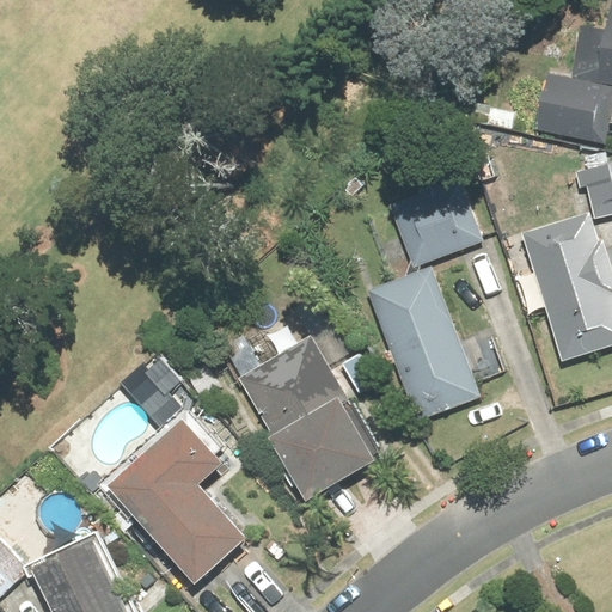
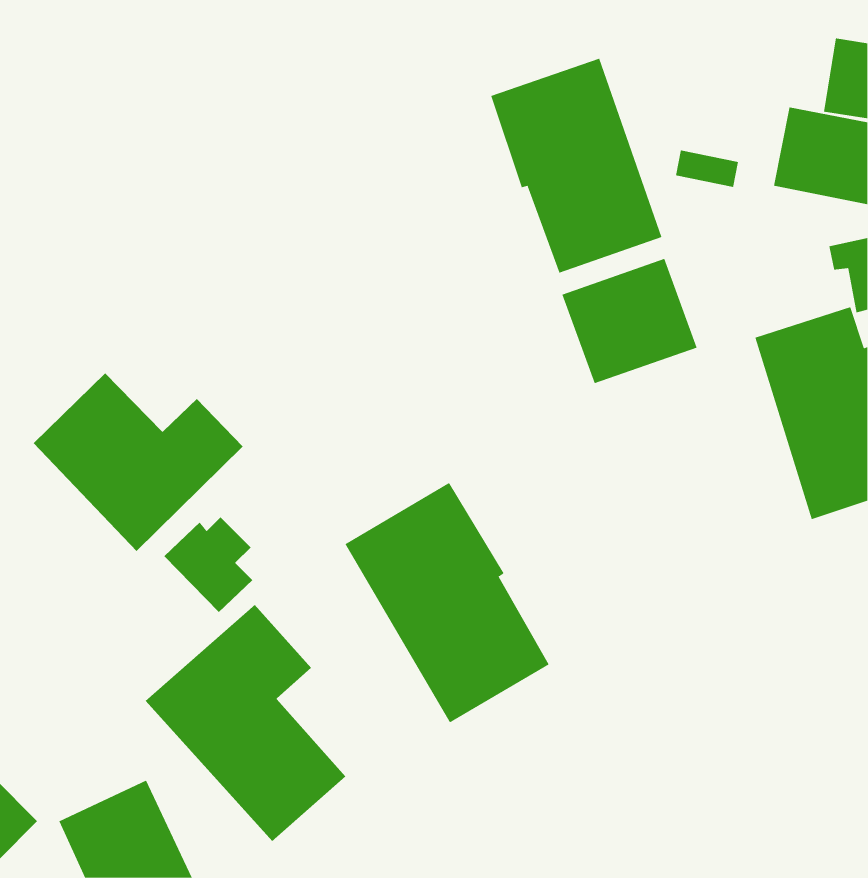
building: none -> [491,58,662,274]
building: none -> [33,372,244,552]
building: [368,267,482,421] -> none

